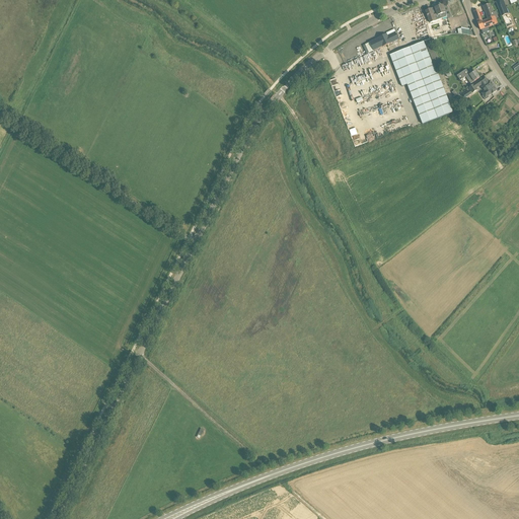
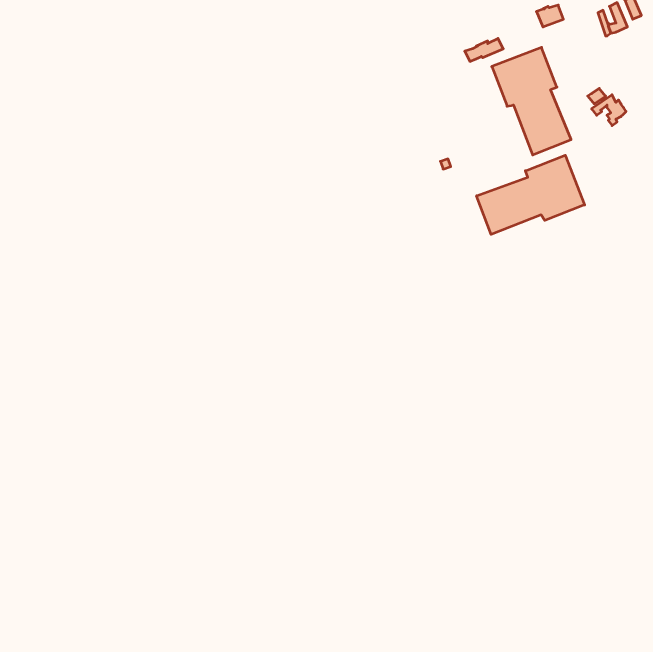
building: none -> [477,155,585,234]

